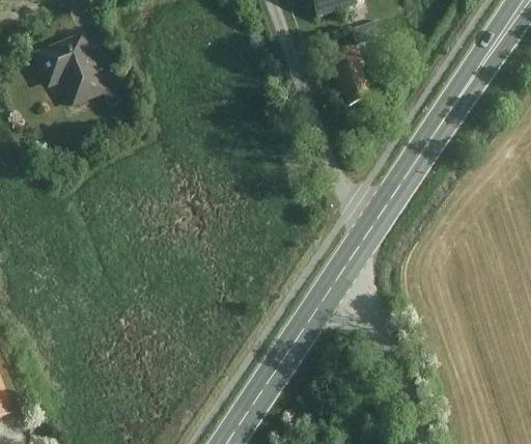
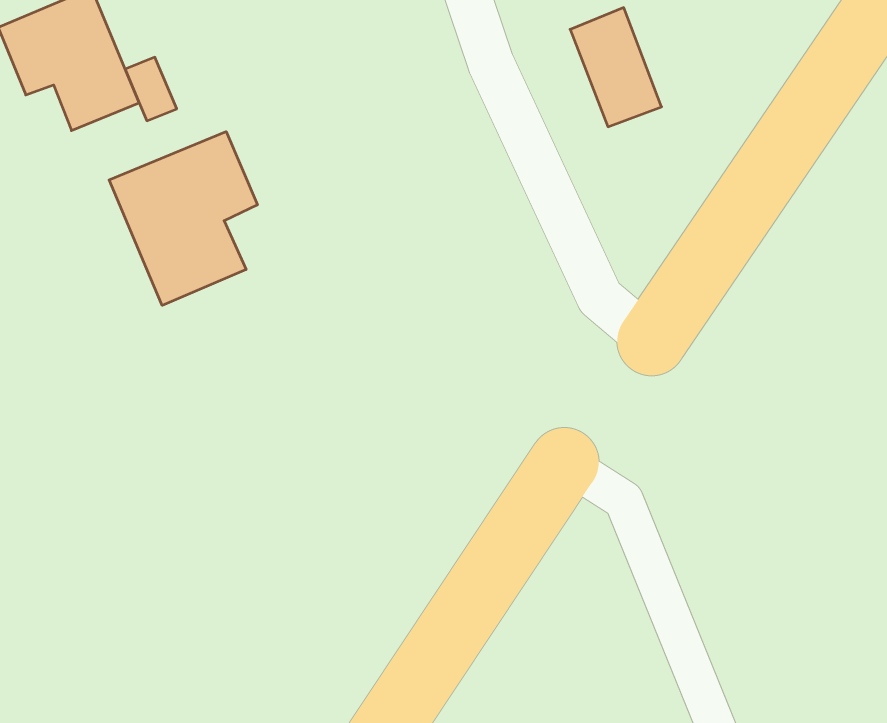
building: none -> [109,132,257,305]

